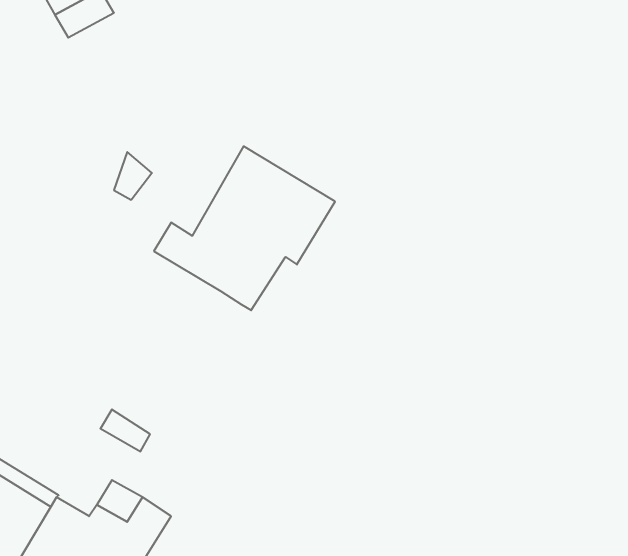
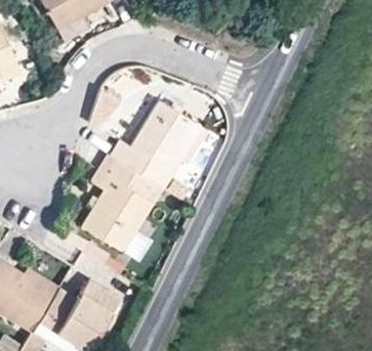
building: none -> [82,155,158,252]

